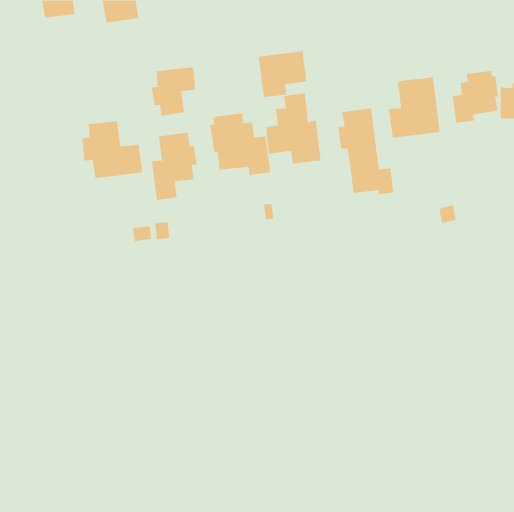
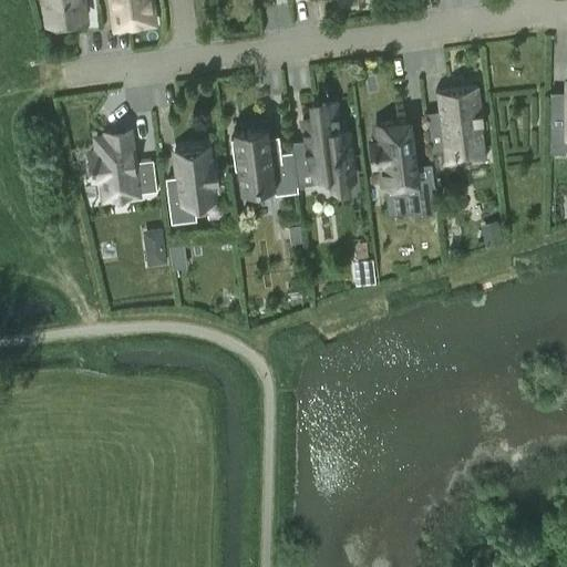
building: [258,51,307,98] -> none
building: [151,66,196,116] -> none
building: [452,70,498,124] -> none

